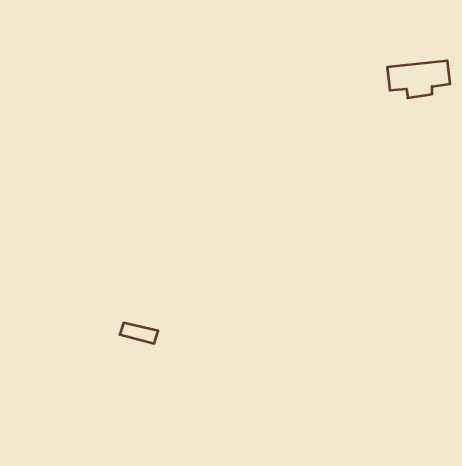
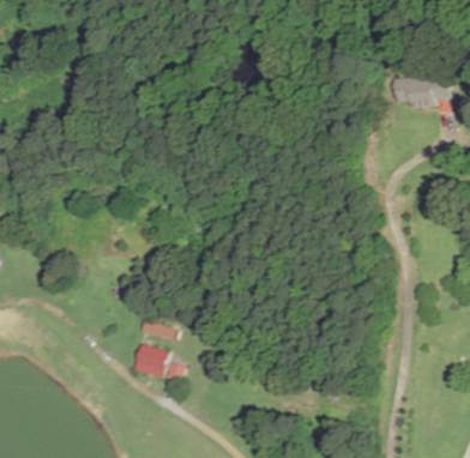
building: none -> [133,344,170,379]

